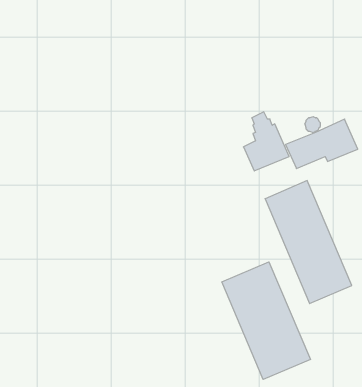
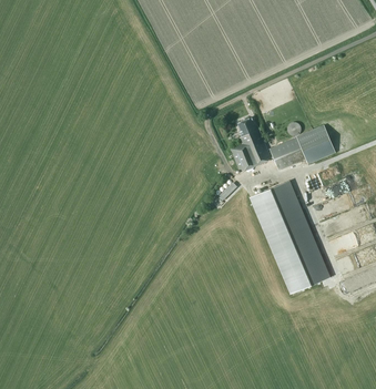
building: [222,262,310,379] -> none

